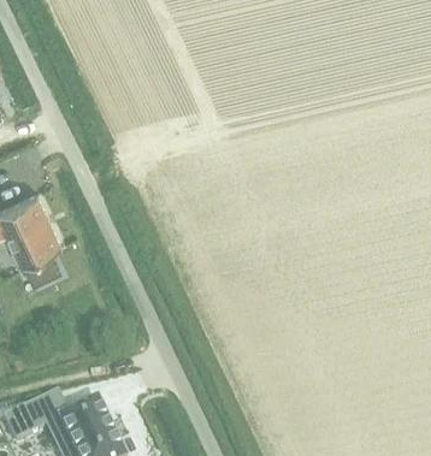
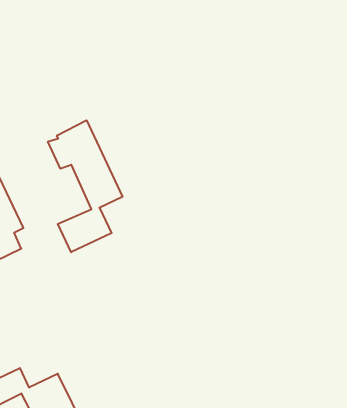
building: none -> [48,120,122,252]

